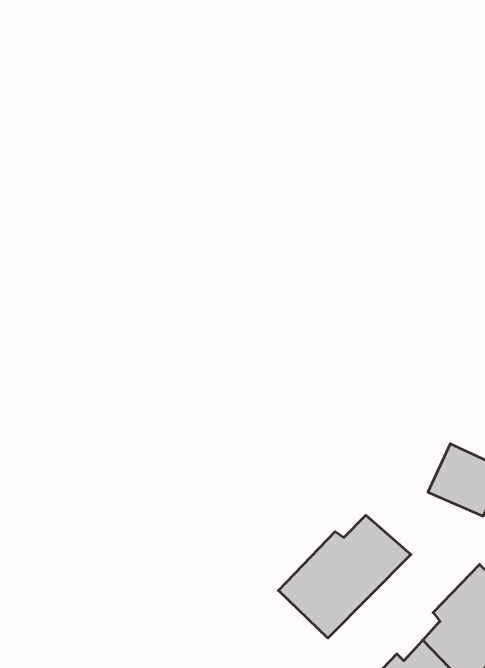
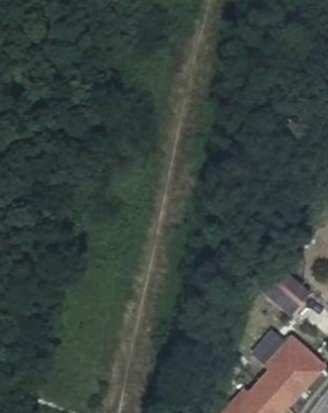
building: [278,515,411,638] -> none

